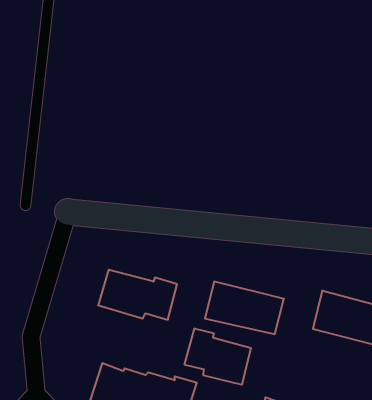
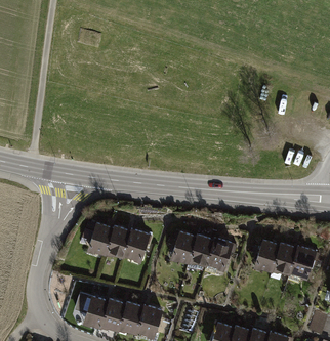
building: [185,328,251,385] -> none

